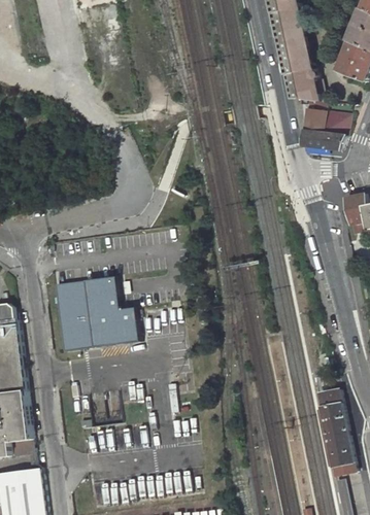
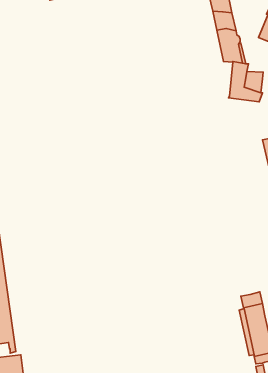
building: [55,273,140,347] -> none

